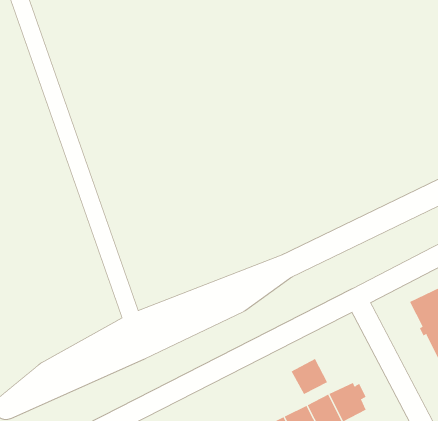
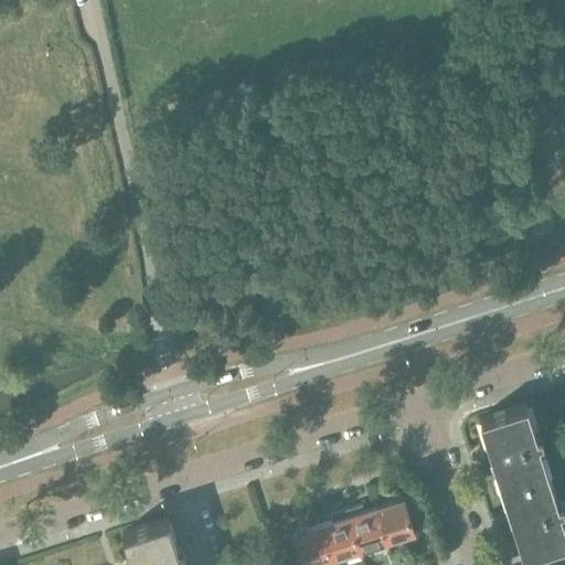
building: [291,358,328,395] -> none

